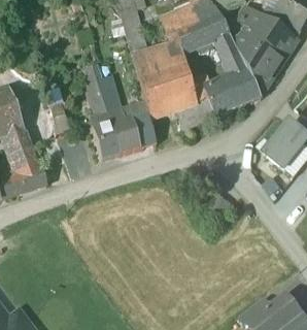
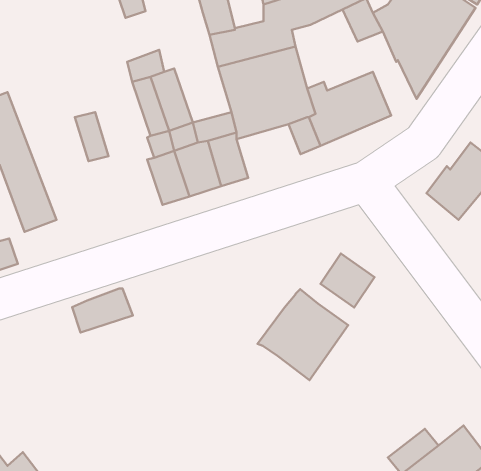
building: [221,52,259,103] -> none
building: [8,167,45,194] -> [72,289,133,332]
building: none -> [257,289,348,380]

